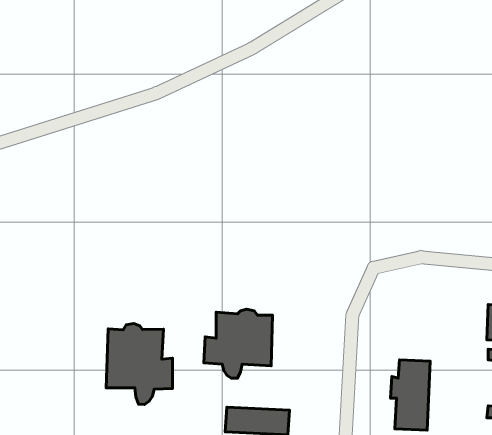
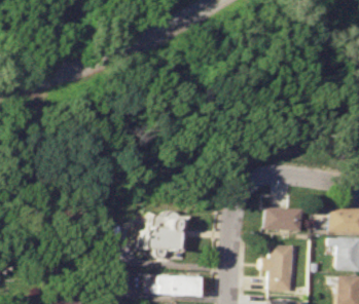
building: none -> [264,206,300,231]
building: [106,324,173,405] -> none

